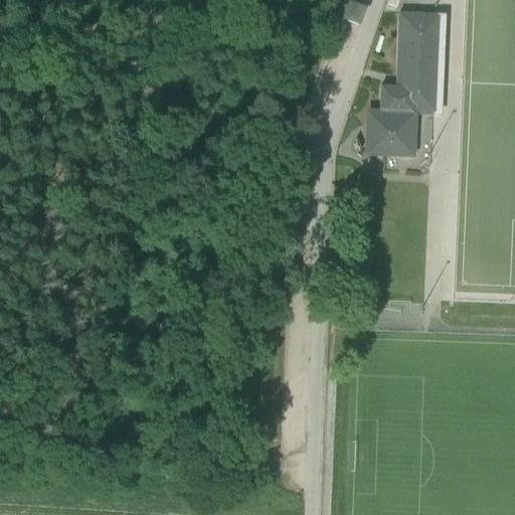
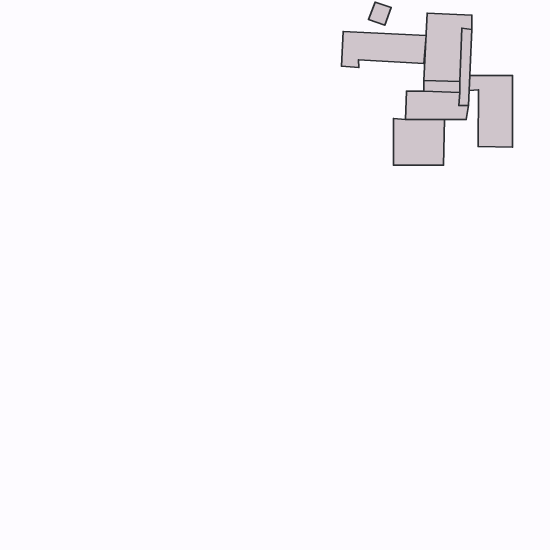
building: none -> [342,32,426,68]
building: none -> [469,75,512,147]

